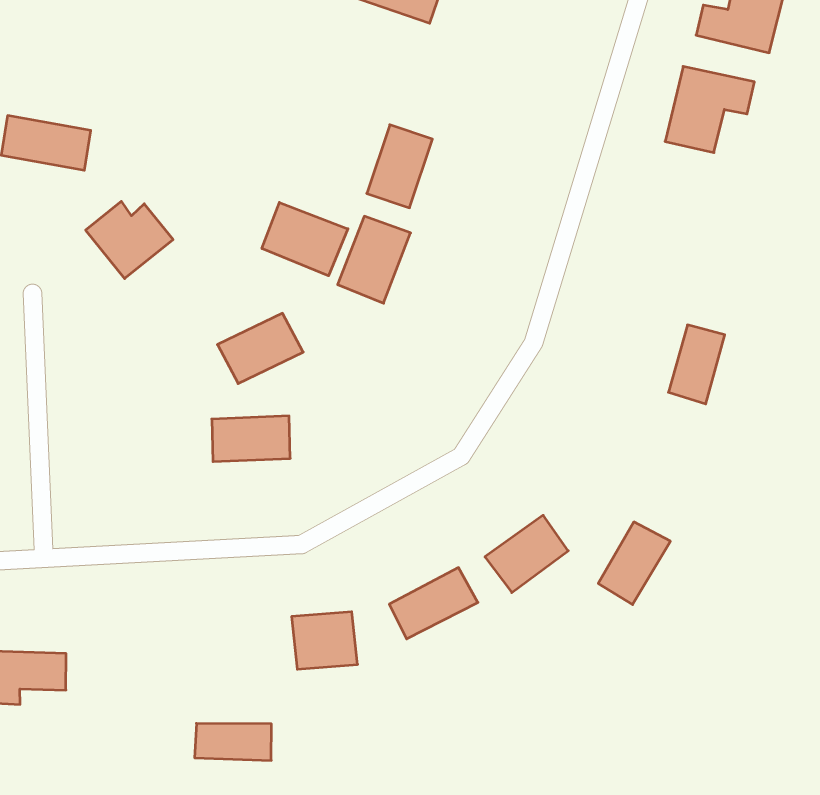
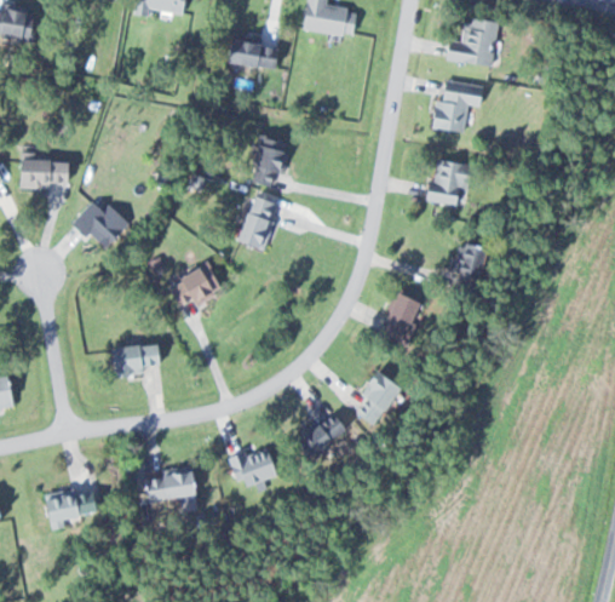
building: none -> [431,162,471,203]
building: [262,202,348,276] -> none
building: [212,416,290,462] -> [108,342,160,375]
building: [598,522,670,605] -> [379,292,421,344]
building: [195,723,271,760] -> [143,471,192,498]

